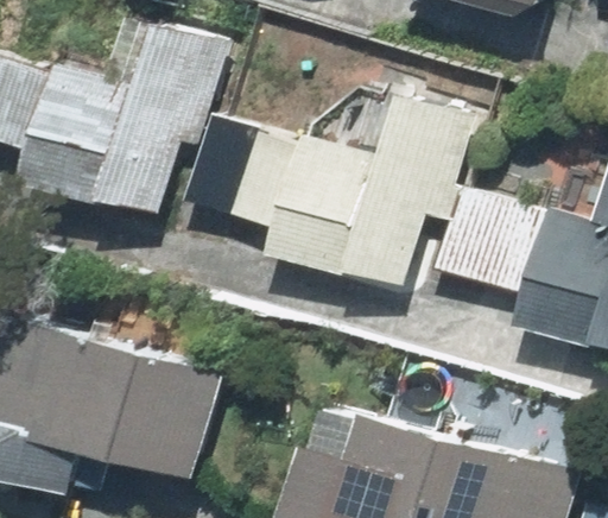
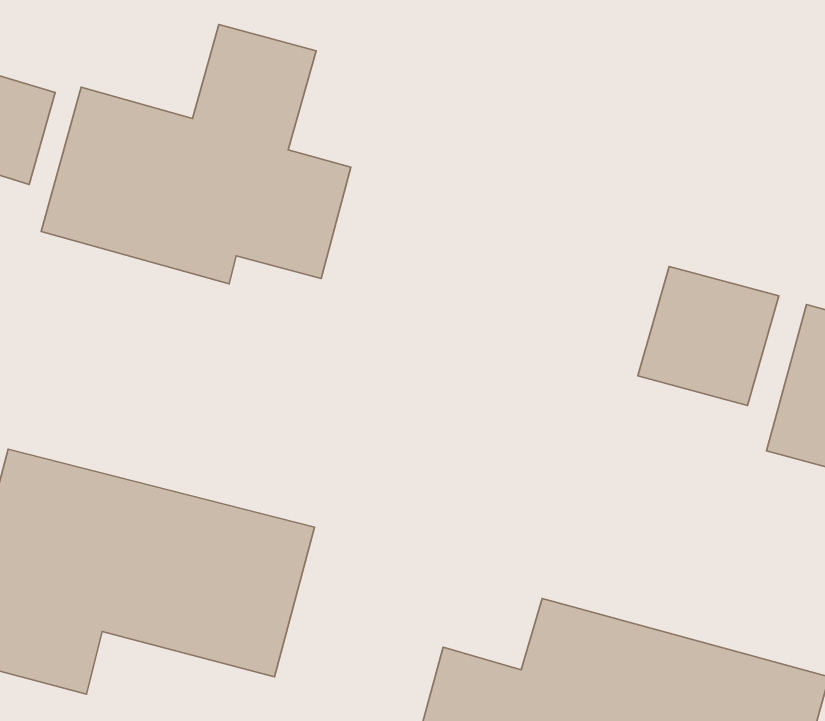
building: [235,102,462,280] -> none

